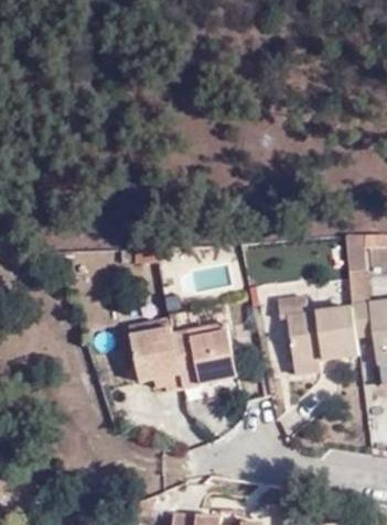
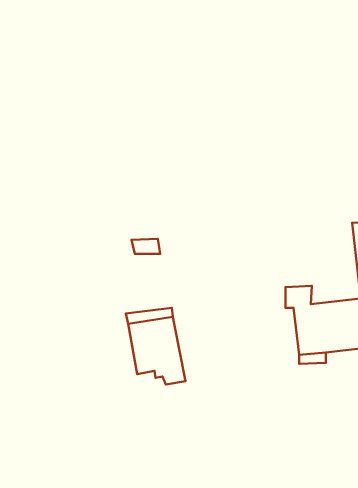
building: [173,322,235,387] -> none

